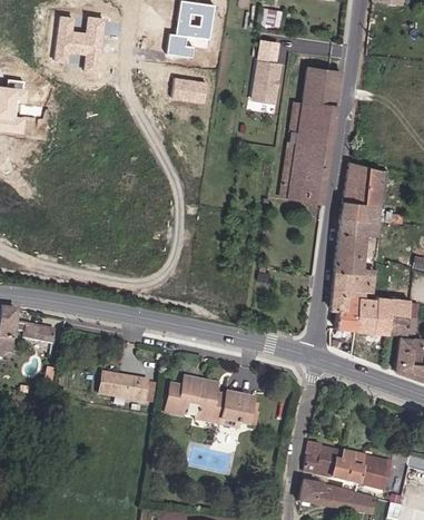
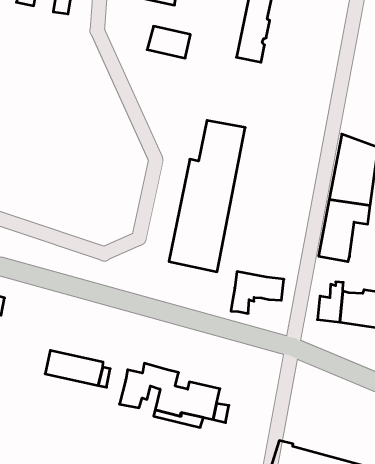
building: [279,66,341,200] -> [169,120,245,272]
building: [332,273,377,310] -> [231,272,284,313]

